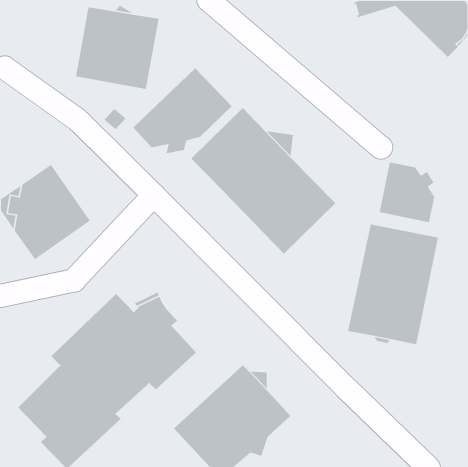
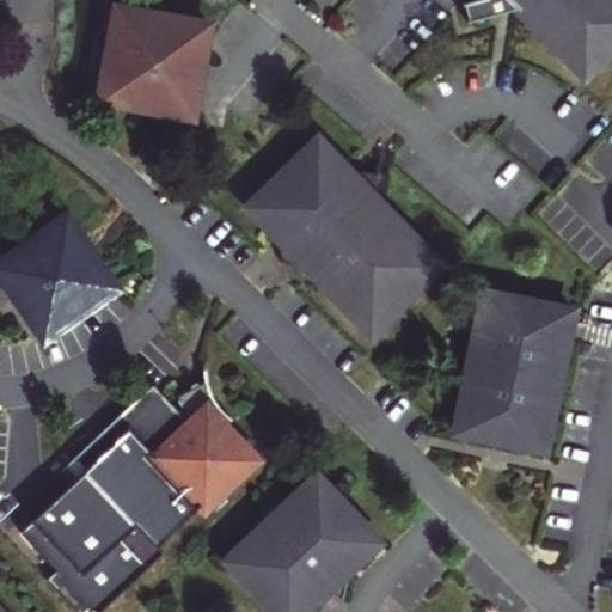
building: [133,68,233,154] -> none
building: [379,162,435,223] -> none

